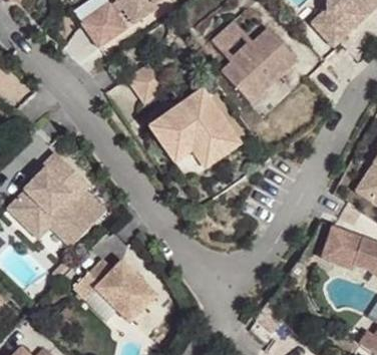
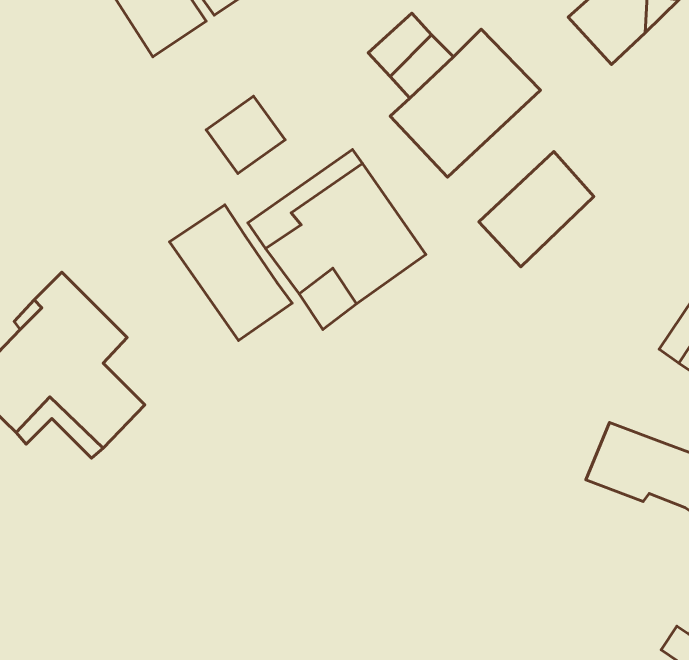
building: none -> [479,152,594,267]
building: none -> [169,205,292,341]
building: [71,262,154,326] -> none

